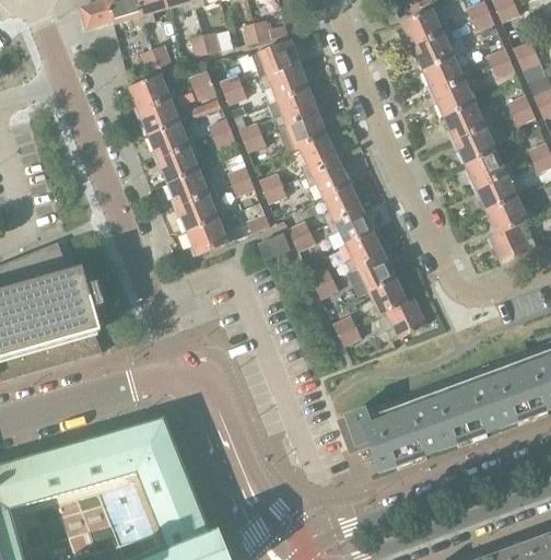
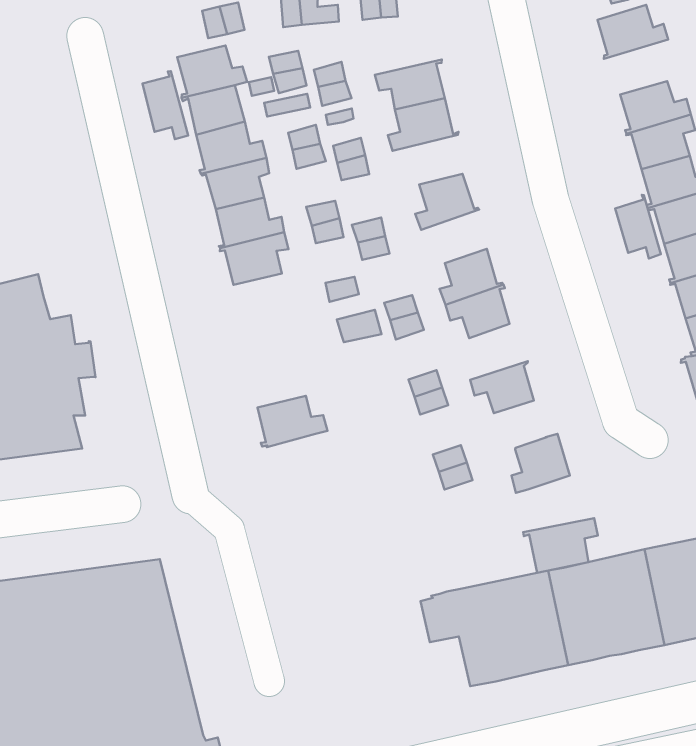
building: [408,30,454,70] -> none
building: [256,40,302,80] -> none
building: none -> [143,71,188,139]
building: [278,112,326,150] -> none
building: none -> [615,195,661,259]
building: [304,159,349,197] -> none
building: [186,219,234,256] -> [258,396,328,447]
building: [344,231,386,271] -> none
building: [367,279,406,318] -> none
building: none -> [523,518,598,573]

